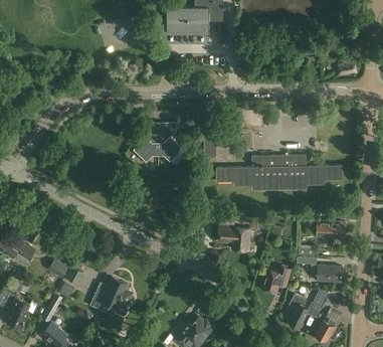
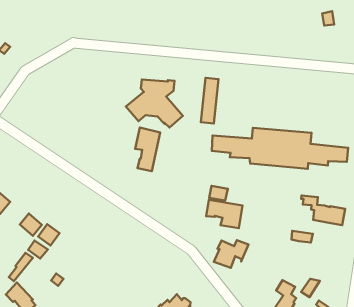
building: none -> [135,128,160,171]
building: [311,265,342,282] -> none
building: [261,267,292,293] -> [214,240,249,268]
building: [90,278,134,316] -> none

